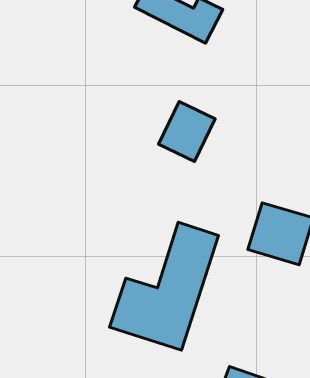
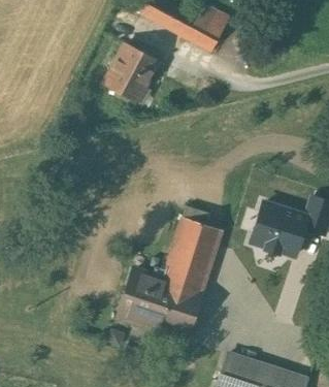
building: [158,102,215,162] -> [104,44,158,101]

